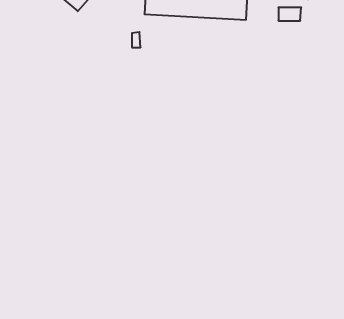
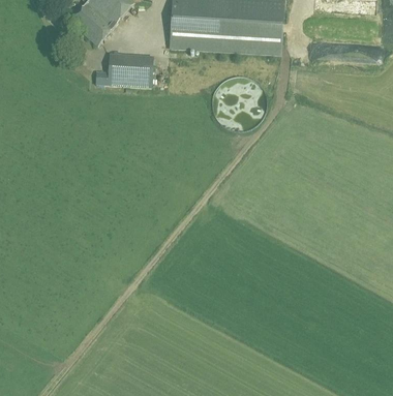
building: none -> [95,55,152,87]

